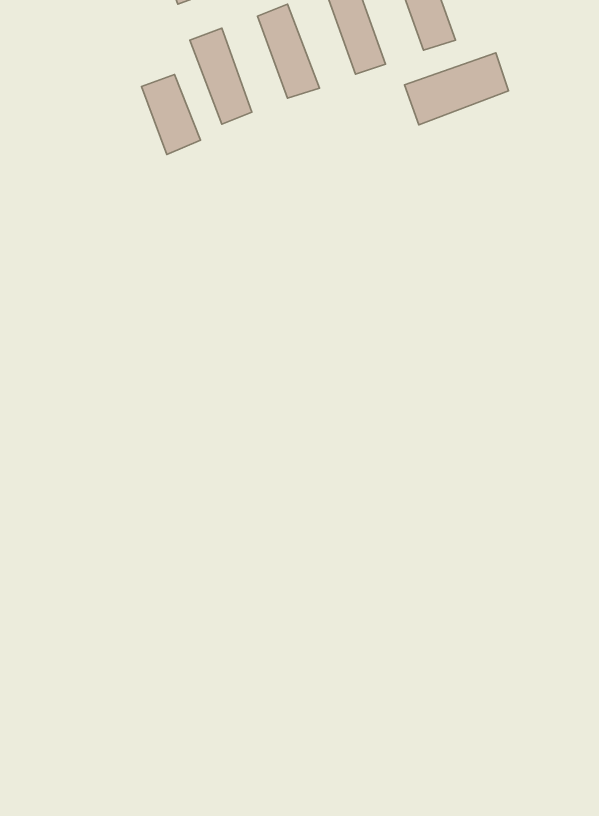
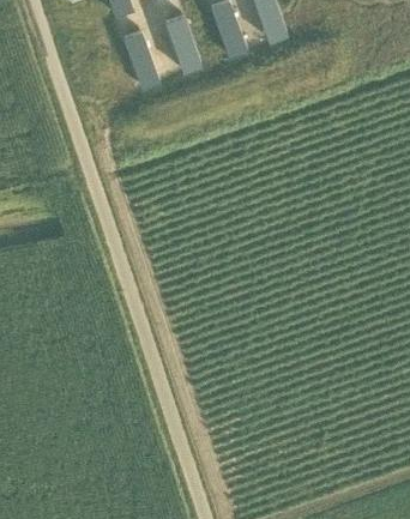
building: [404,53,509,125] -> none
building: [141,74,201,154] -> none

